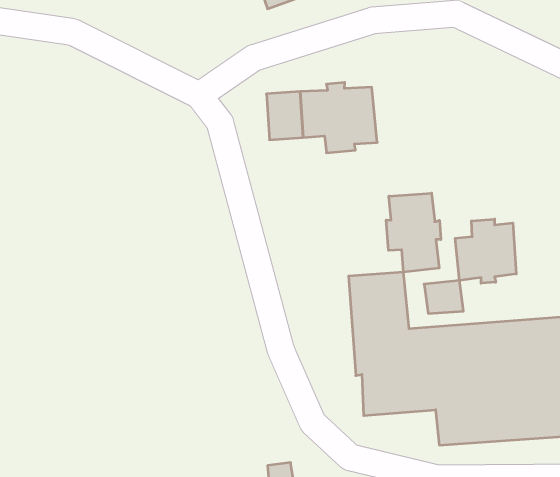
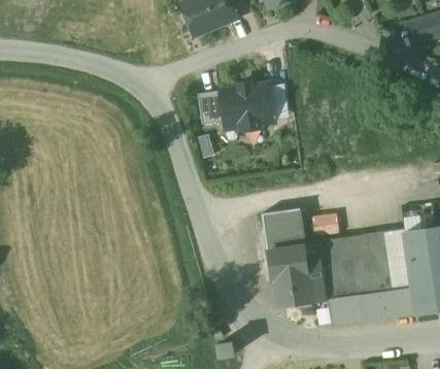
building: [386,193,441,272] -> none
building: [455,219,516,283] -> none

